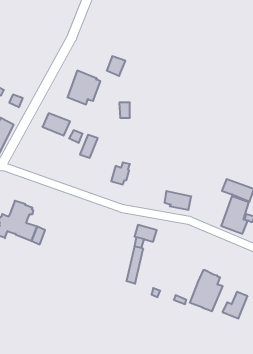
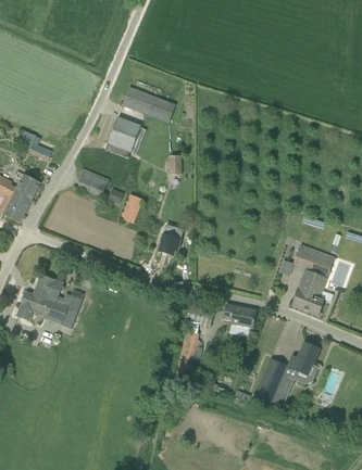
building: none -> [122,86,160,115]
building: [164,191,191,210] -> [224,303,257,326]
building: [223,292,248,318] -> [288,341,319,373]

